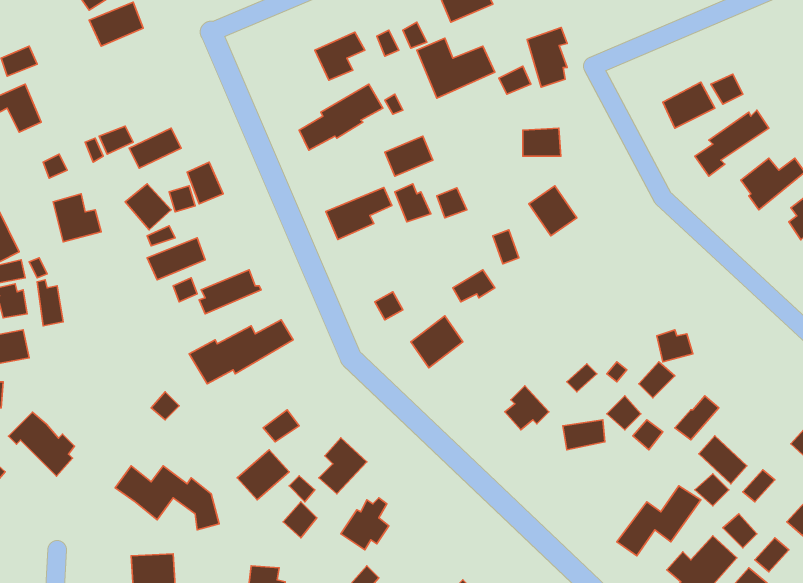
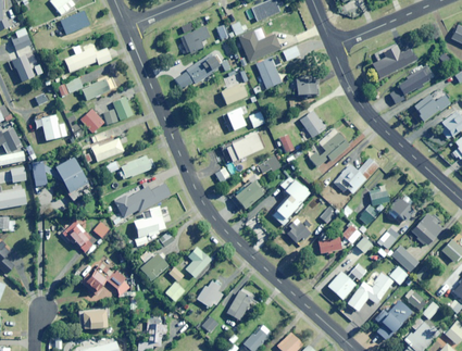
building: [527,27,567,87] -> [257,55,278,88]
building: none -> [64,43,112,72]
building: [326,187,392,239] -> [225,133,261,161]
building: none -> [310,127,350,166]
building: none -> [54,156,87,192]
building: none -> [333,158,378,193]
building: none -> [270,176,308,224]
building: none -> [386,192,414,222]
building: none -> [134,205,165,246]
building: none -> [410,214,442,246]
building: [8,412,74,476] -> [62,221,98,255]
building: none -> [328,263,367,299]
building: none -> [226,288,254,319]

